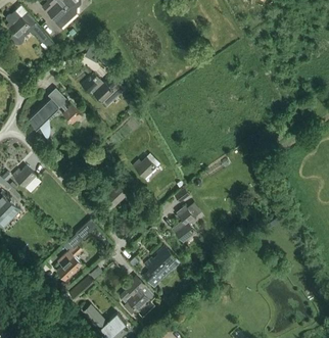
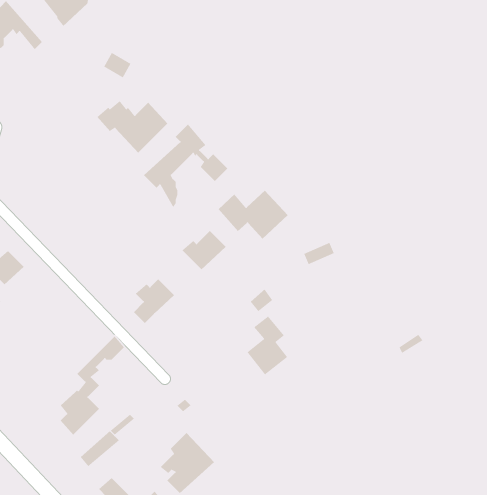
building: [28,86,80,138] -> [143,123,228,209]
building: none -> [218,190,289,239]
building: [142,243,180,285] -> none

